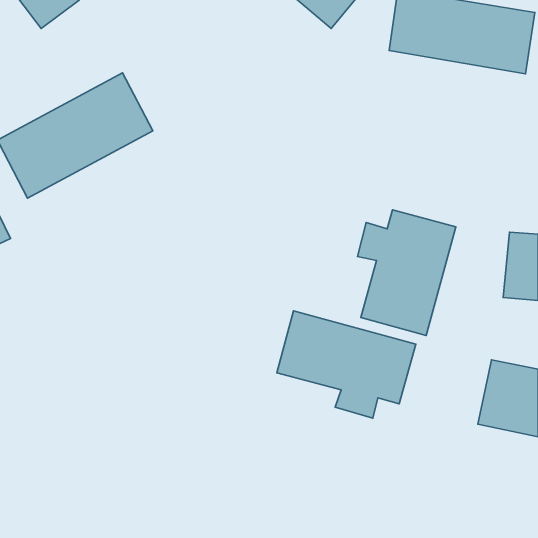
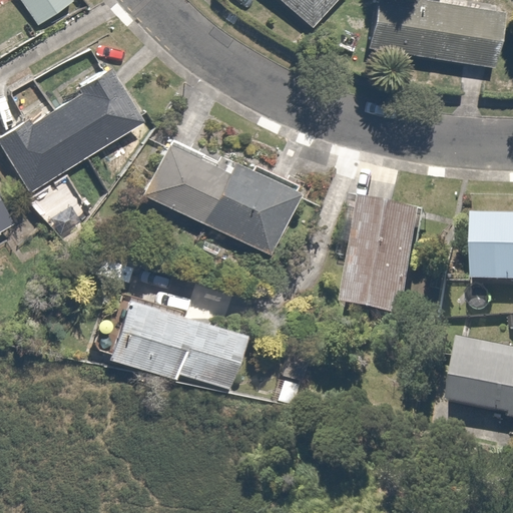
building: none -> [144,141,299,253]
building: [277,311,416,418] -> none
building: none -> [106,298,248,382]

